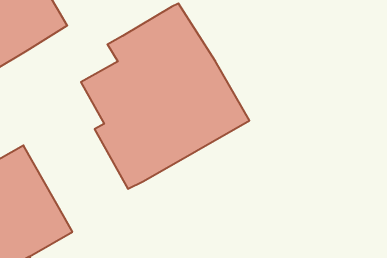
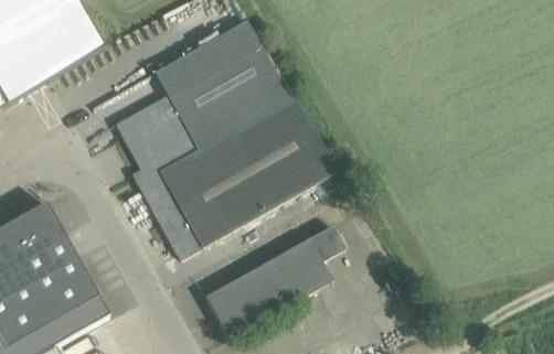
building: none -> [204,225,344,339]

